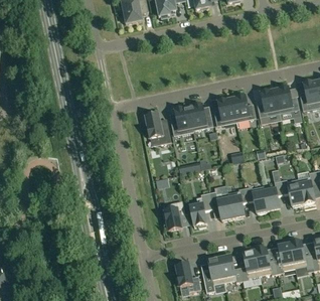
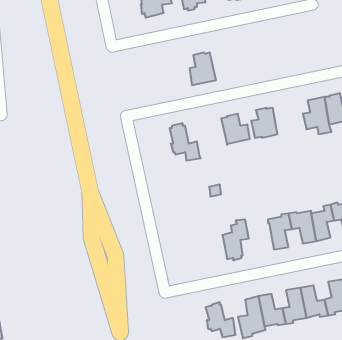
building: [232,97,257,122] -> none
building: [172,109,194,136] -> [190,53,216,85]
building: [209,191,233,220] -> none
building: [164,201,186,233] -> none

